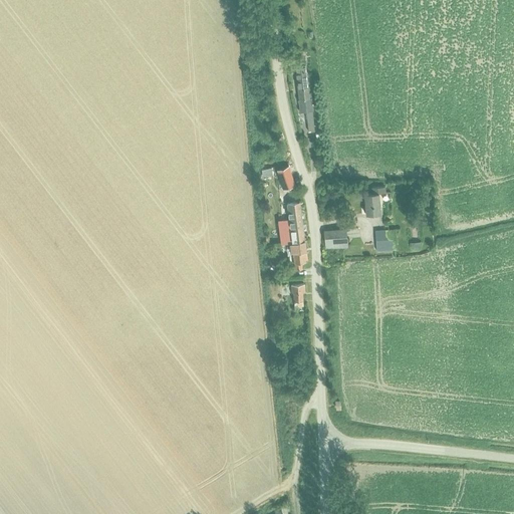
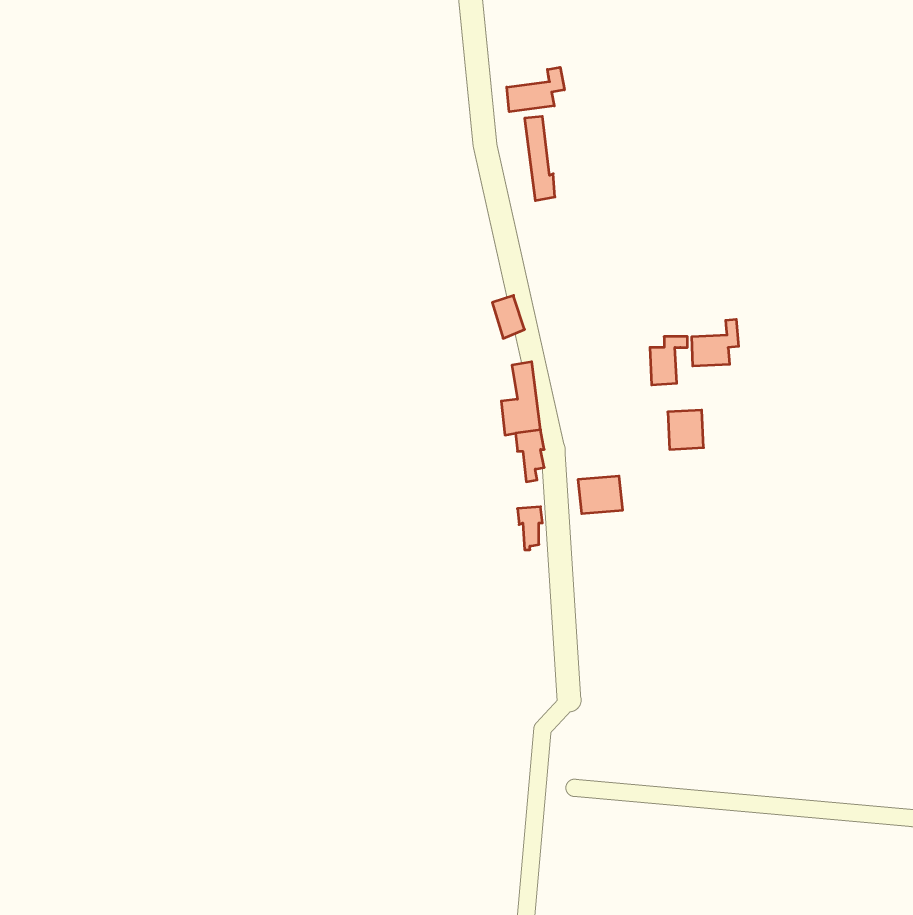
building: none -> [507,67,564,112]
building: none -> [692,319,739,366]
building: [322,228,347,249] -> [578,476,623,514]

